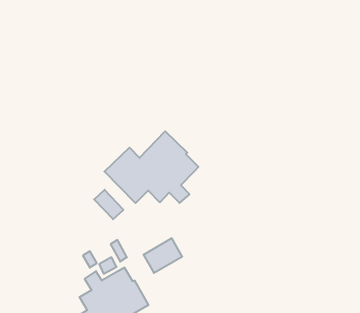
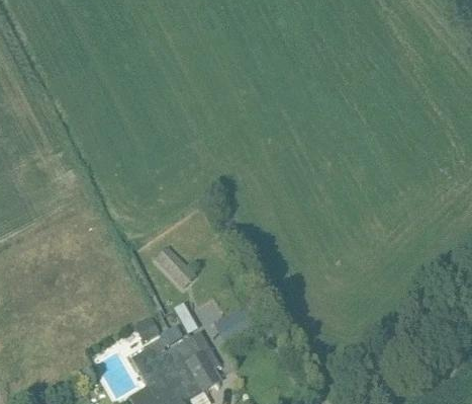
building: [104,131,198,203] -> none

